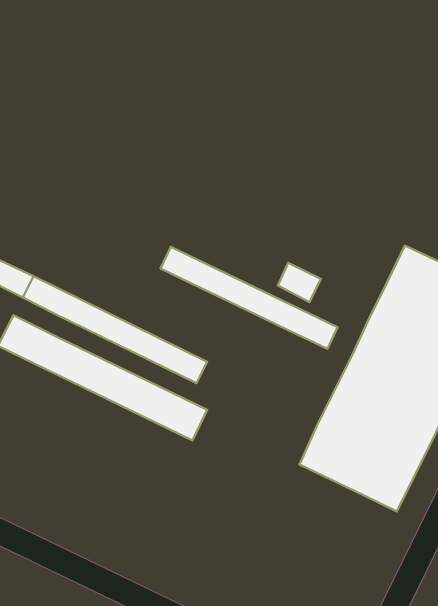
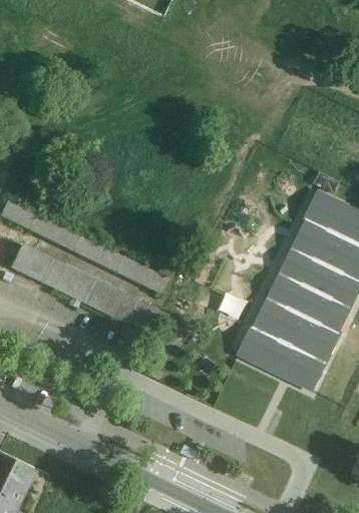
building: [161,247,338,349] -> none
building: [278,263,321,302] -> none

